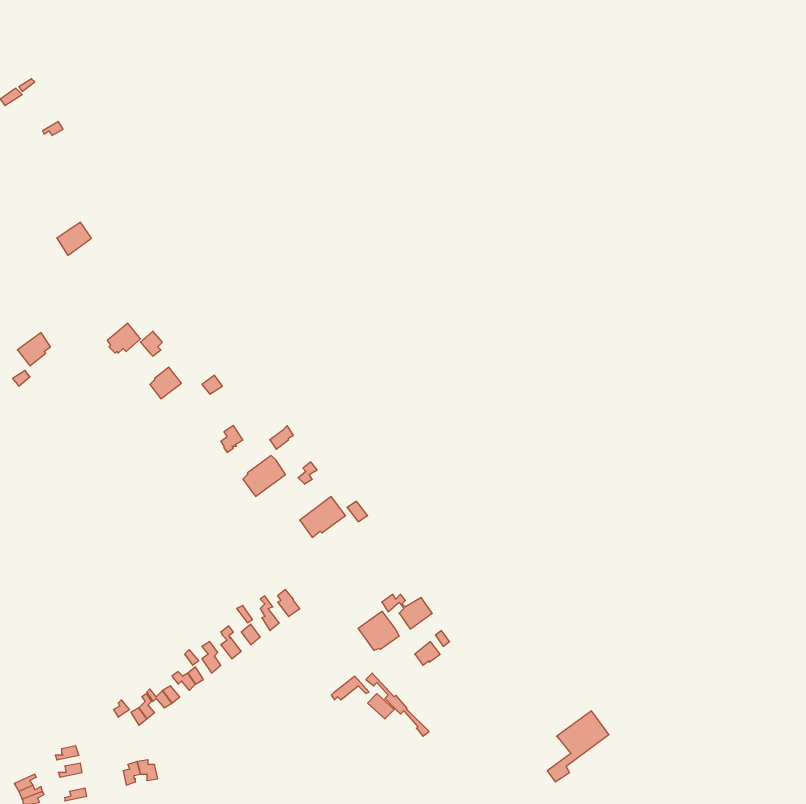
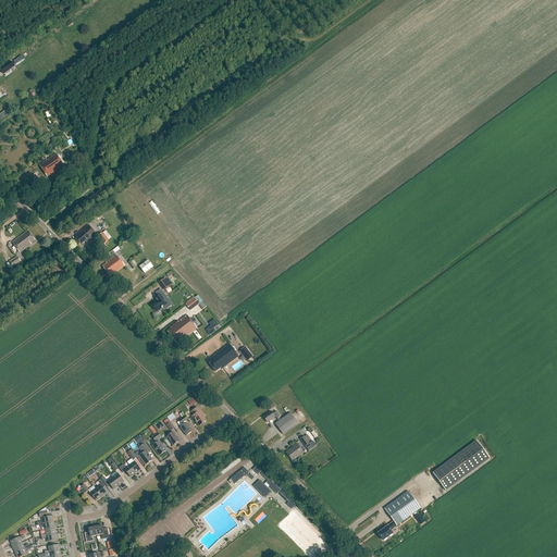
building: [358,611,399,650] -> none
building: none -> [433,440,490,490]

